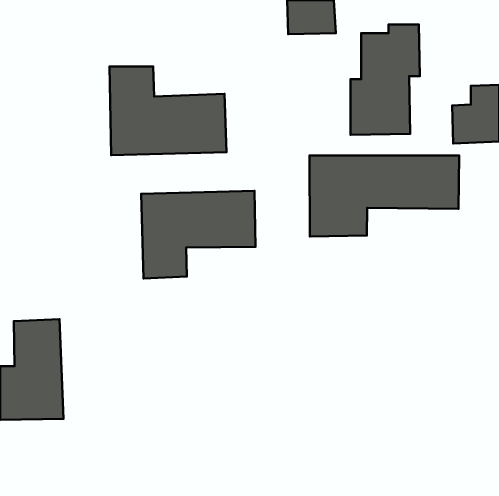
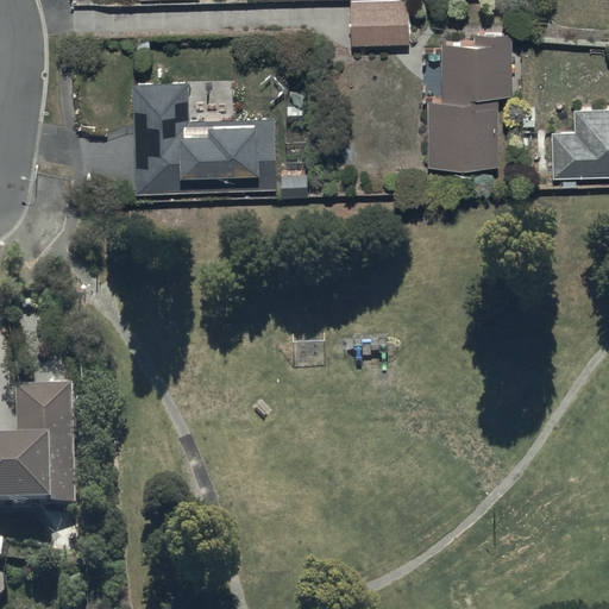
building: [309,155,459,236] -> none
building: [141,191,255,279] -> none

